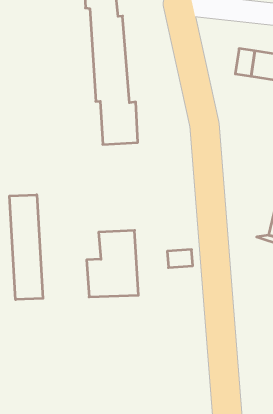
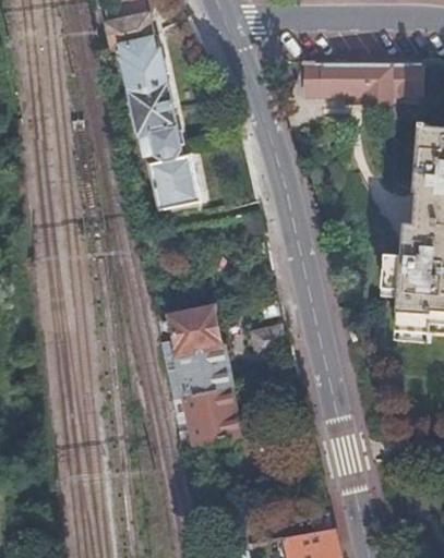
building: [10,195,43,300] -> none
building: none -> [168,385,238,439]

